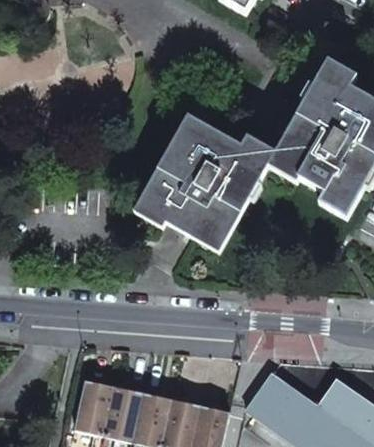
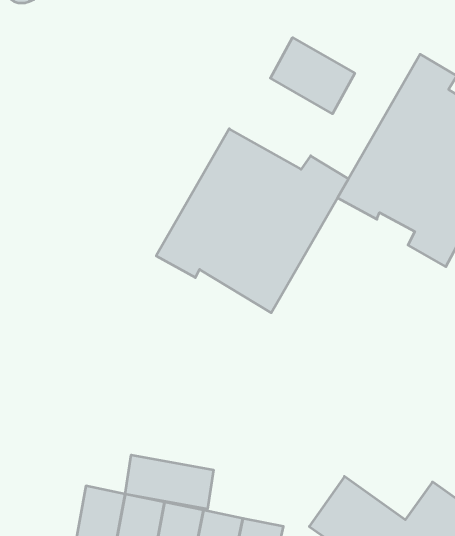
building: none -> [270,38,355,114]
building: none -> [125,455,213,509]

